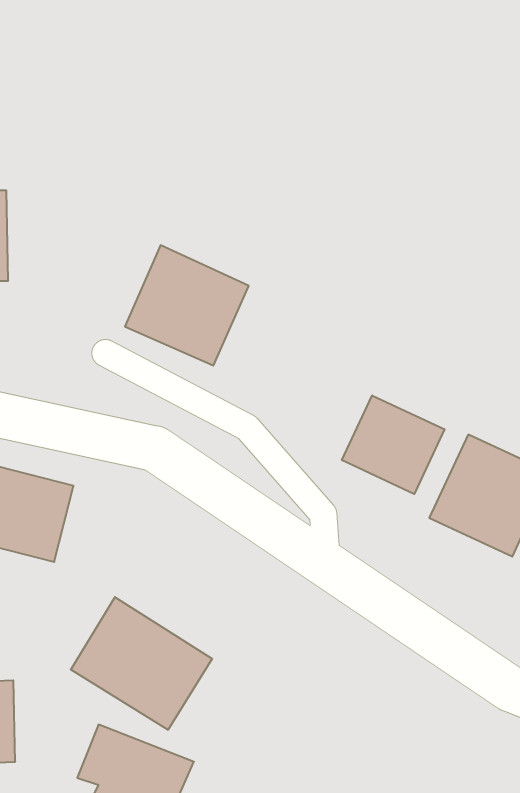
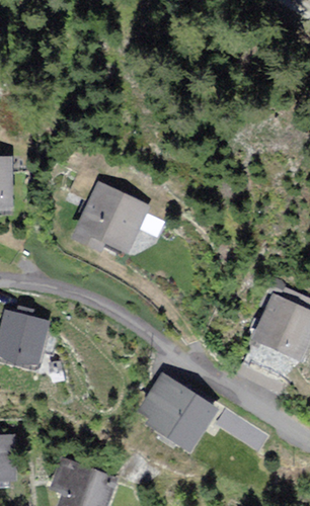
building: [342,395,445,494] -> none
building: [71,597,212,730] -> [137,373,218,449]

